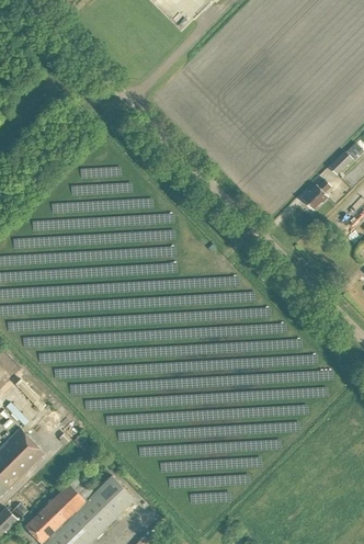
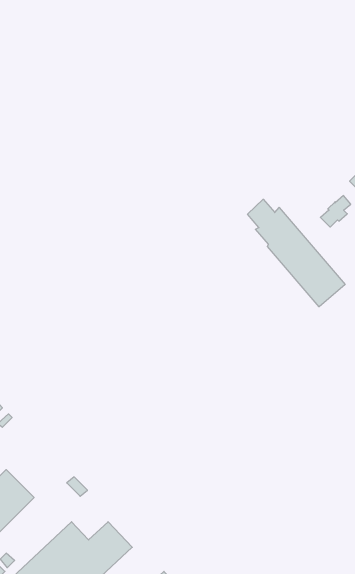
building: none -> [248,199,345,307]

